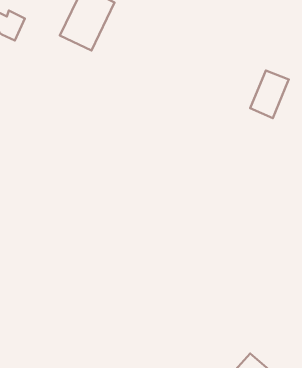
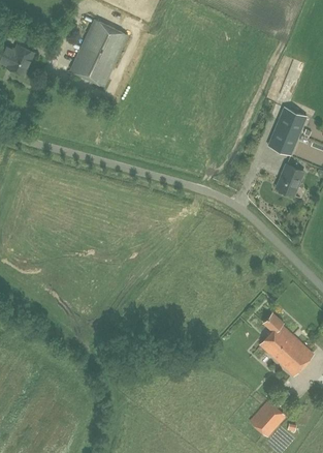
building: none -> [277,164,303,195]
building: none -> [261,312,312,374]

